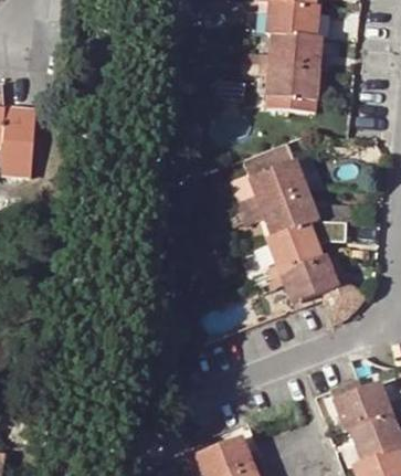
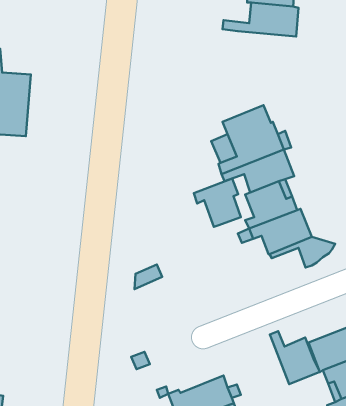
building: [257,64,321,101] -> none
building: none -> [194,178,241,227]
building: none -> [270,331,320,384]

